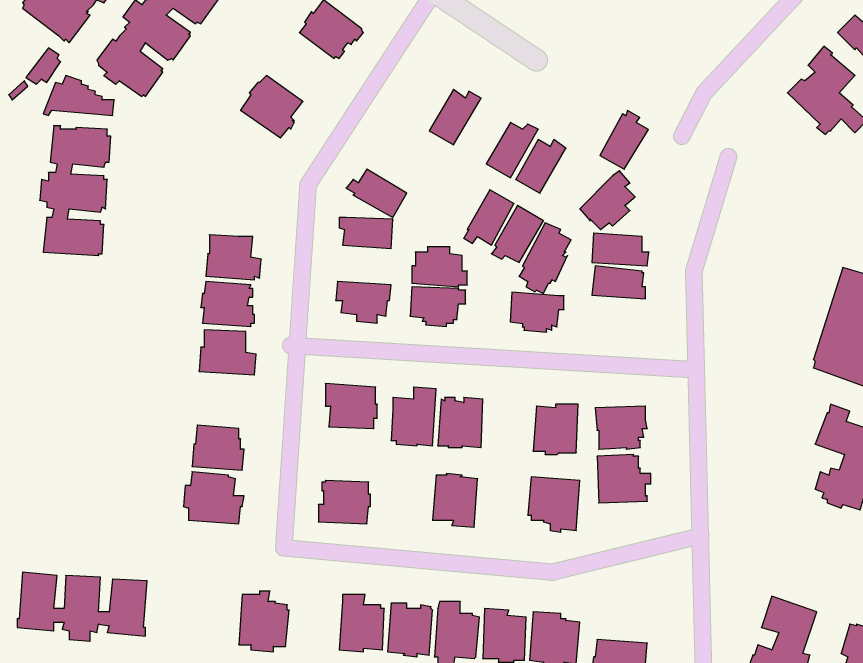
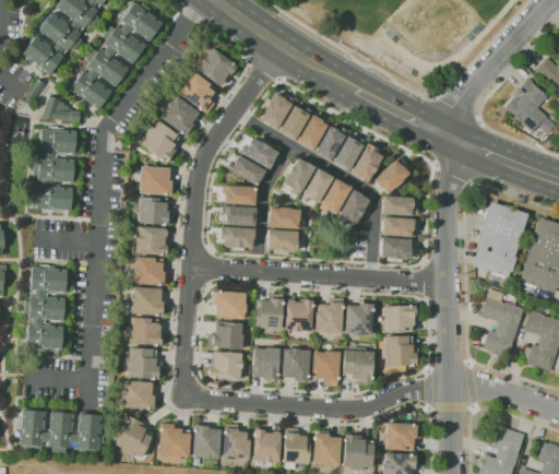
building: none -> [178,73,216,114]
building: none -> [260,93,294,130]
building: none -> [297,115,329,150]
building: [600,110,648,169] -> [352,144,382,181]
building: none -> [141,121,179,163]
building: none -> [239,137,278,169]
building: none -> [283,157,314,195]
building: none -> [139,166,174,194]
building: none -> [473,201,528,276]
building: none -> [221,205,255,226]
building: [510,292,564,332] -> [380,237,414,262]
building: none -> [24,266,68,349]
building: none -> [131,286,164,316]
building: none -> [479,288,523,358]
building: none -> [314,297,343,333]
building: none -> [206,321,243,349]
building: none -> [251,347,278,380]
building: none -> [311,349,340,387]
building: none -> [121,380,156,410]
building: none -> [115,416,152,458]
building: none -> [385,423,421,451]
building: none -> [192,425,219,459]

